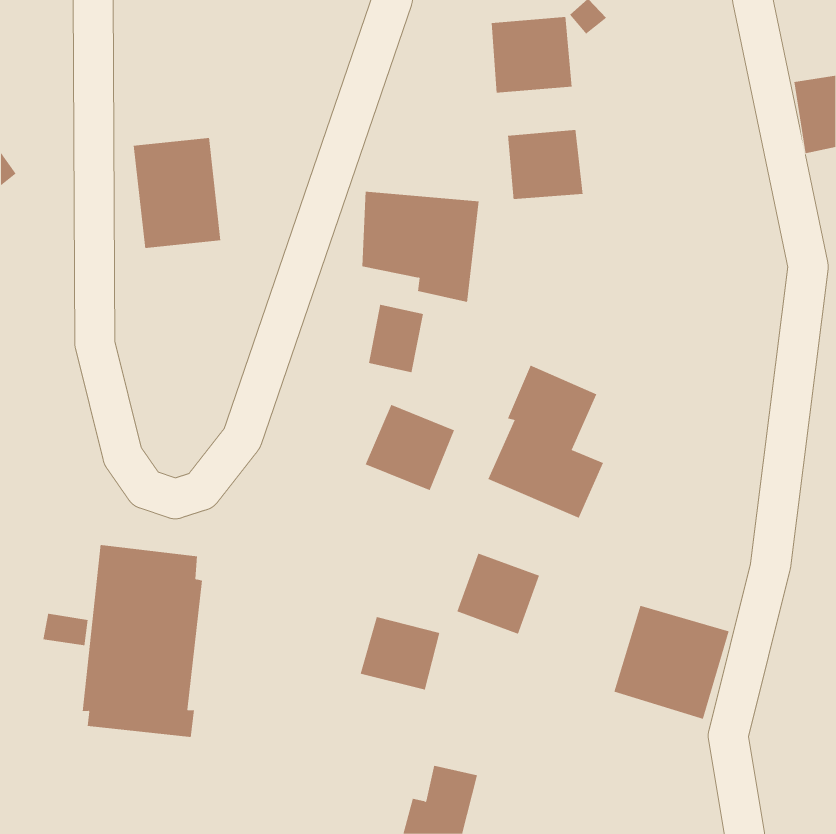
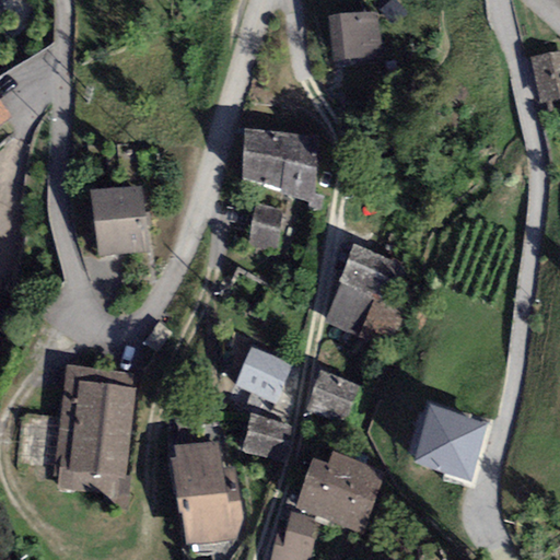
building: [508,129,583,200] -> none
building: [133,137,221,249] -> [90,184,149,258]
building: [365,404,455,491] -> [233,347,293,405]
building: none -> [171,440,244,546]
building: none -> [293,452,387,534]

